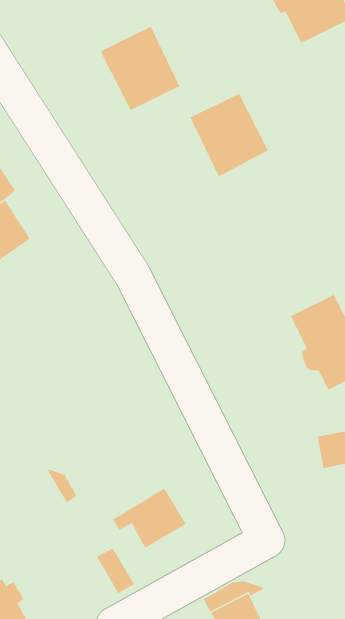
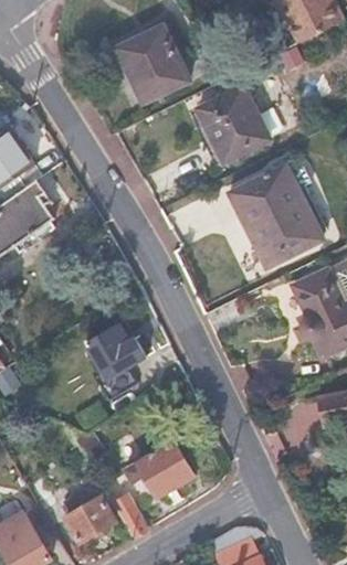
building: none -> [230,167,322,267]
building: none -> [85,322,145,376]
building: none -> [65,471,115,542]

